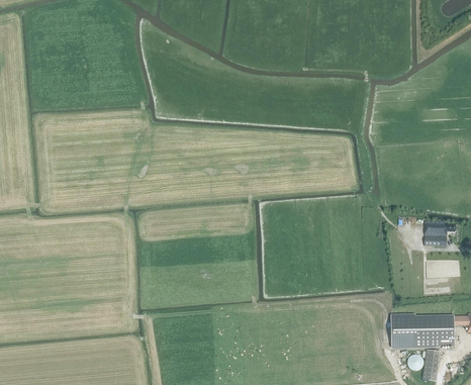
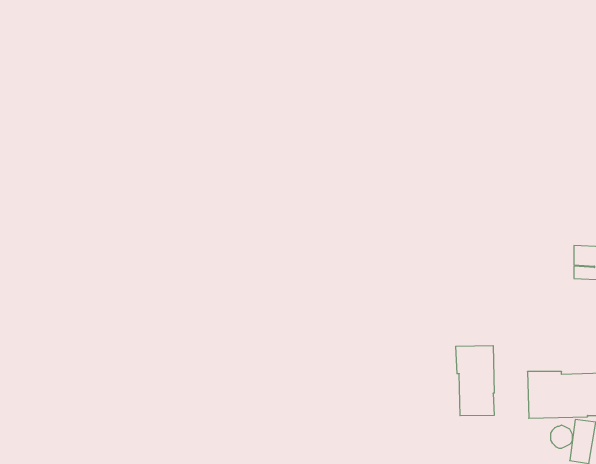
building: none -> [456,346,494,416]

